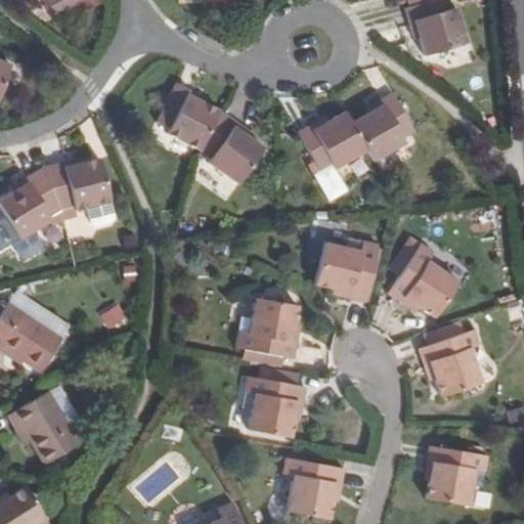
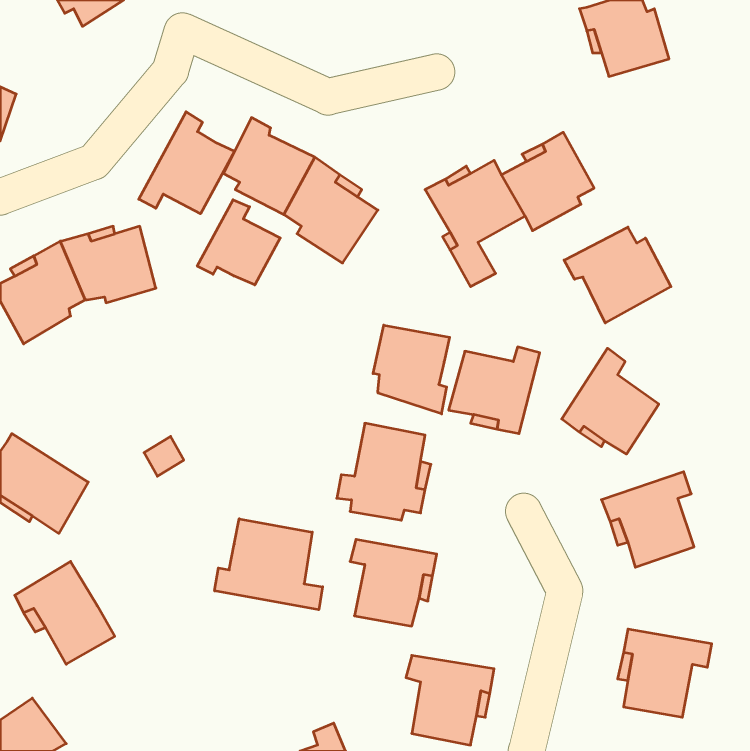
building: none -> [139,112,235,214]
building: none -> [197,200,280,285]
building: none -> [564,227,671,323]
building: none -> [373,325,450,414]
building: none -> [215,519,323,610]

